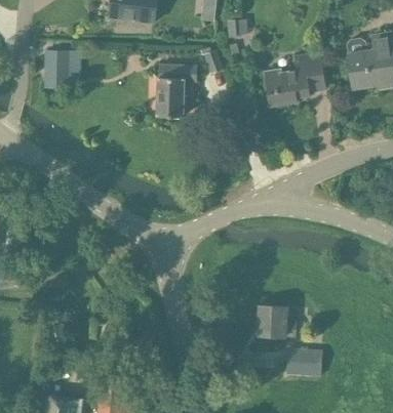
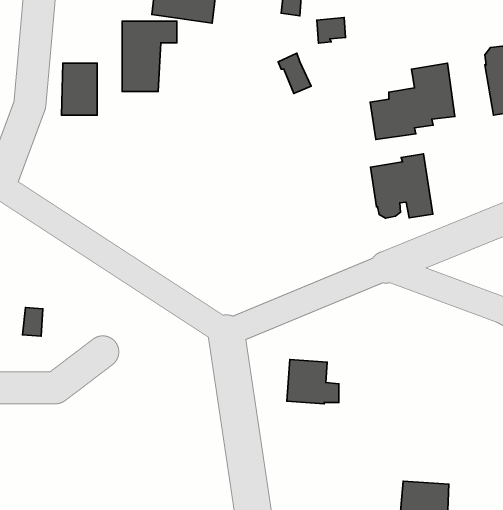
building: [158,67,197,117] -> [122,21,177,92]
building: none -> [370,154,433,218]
building: [259,306,296,338] -> [287,359,339,404]

